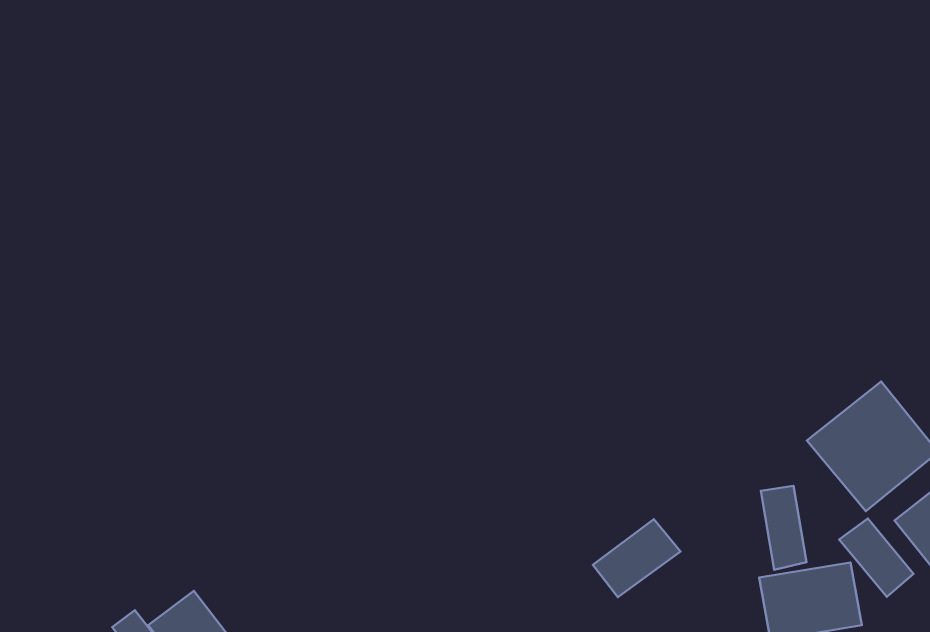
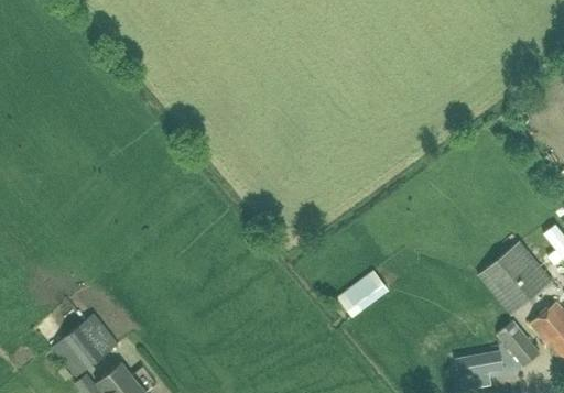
building: [761,486,806,570] -> none
building: none -> [52,314,118,378]
building: [593,519,680,597] -> [337,272,388,317]

